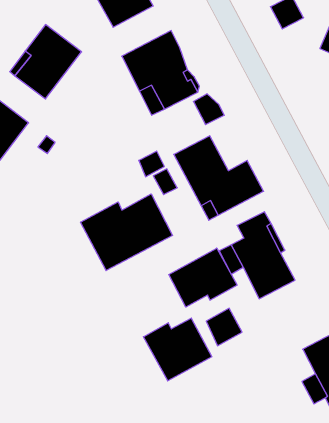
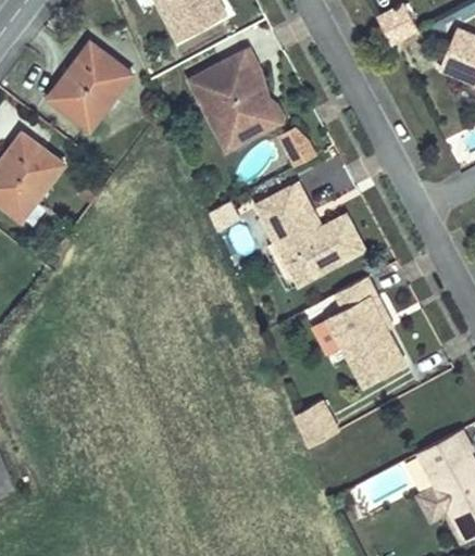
building: [81,194,173,271] -> none
building: [169,248,237,307] -> none
building: [143,318,212,381] -> none

